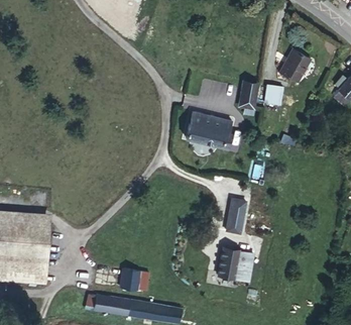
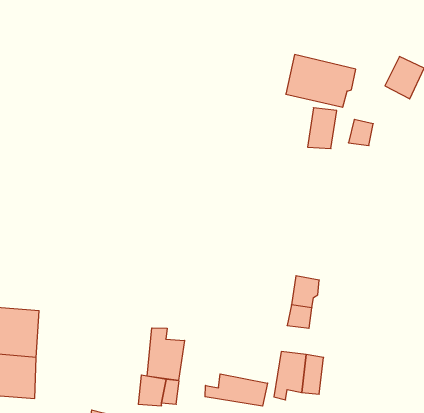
building: [186,112,234,148] -> [286,55,356,107]
building: none -> [147,328,185,380]
building: none -> [205,374,268,406]

